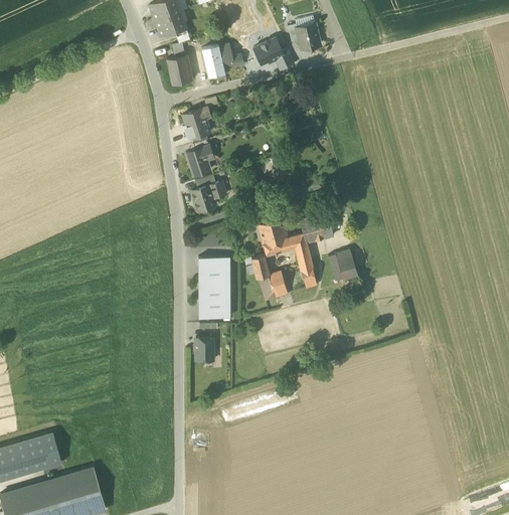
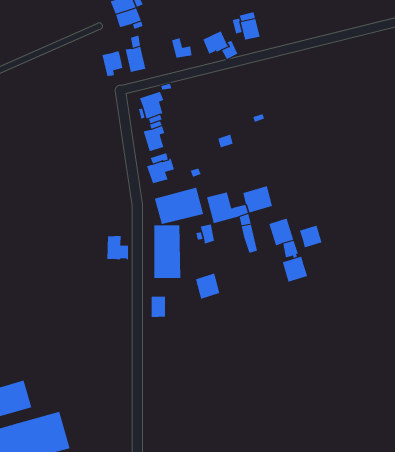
building: [202,46,225,77] -> none
building: none -> [102,51,123,77]
building: none -> [154,187,204,225]
building: none -> [299,225,322,248]
building: none -> [107,235,128,260]
building: [260,272,288,302] -> [195,273,220,300]
building: none -> [282,256,308,283]

